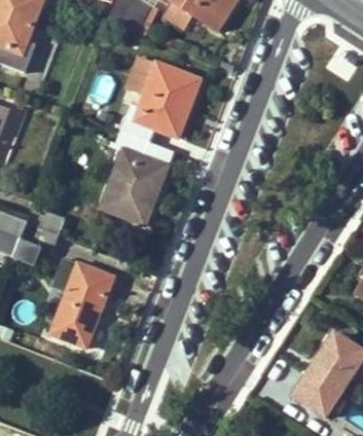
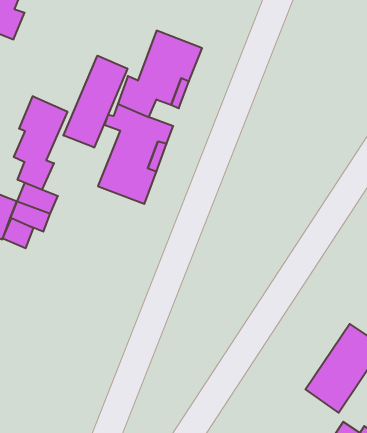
building: none -> [63,56,127,148]
building: none -> [14,96,67,190]
building: [51,263,113,344] -> none

